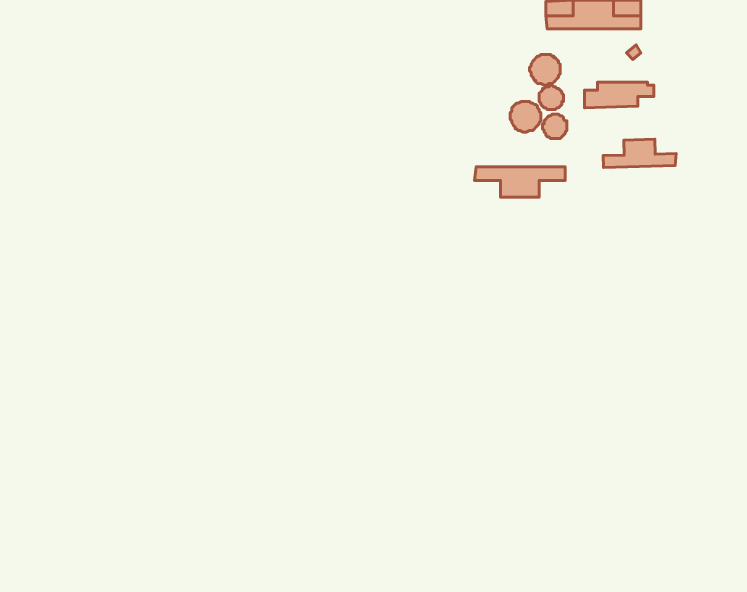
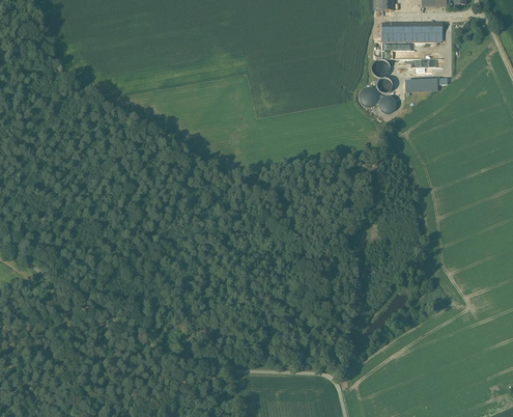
building: [603,139,676,168] -> none
building: [475,167,565,197] -> none

